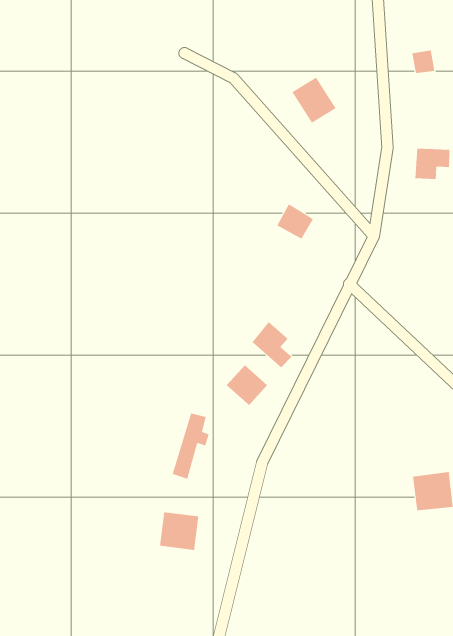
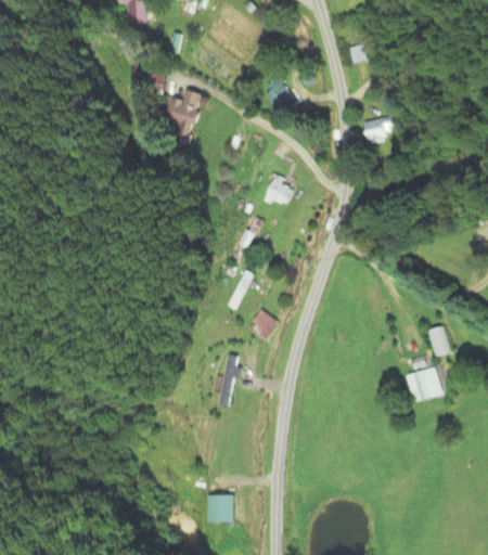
building: none -> [162,89,201,141]
building: [252,321,292,368] -> none
building: [159,512,199,551] -> [207,492,236,520]

